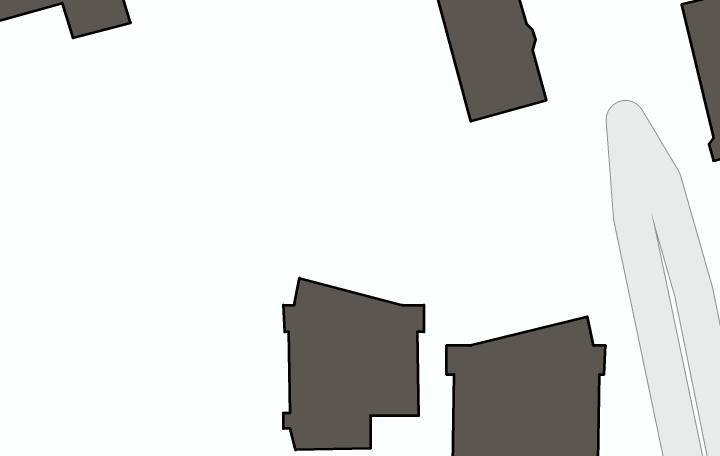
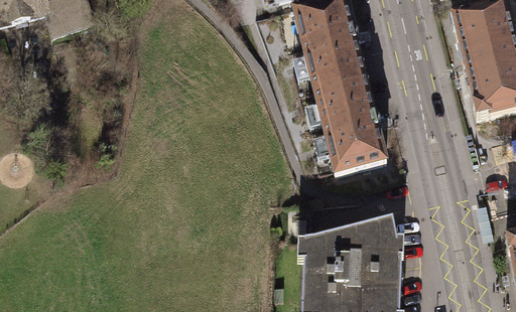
building: none -> [314,72,386,171]
building: [283,278,424,450] -> none

